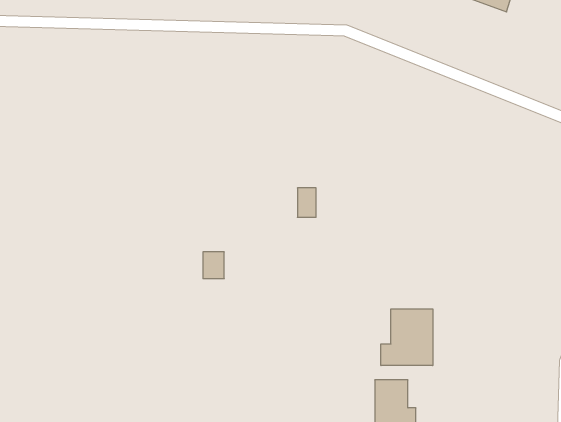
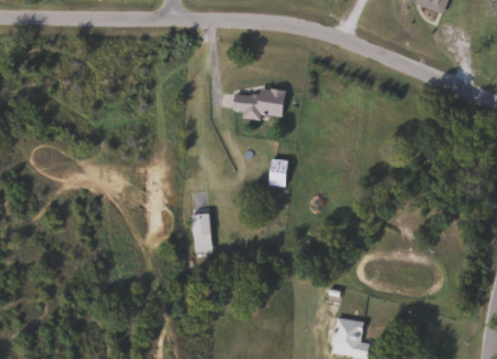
building: none -> [233,87,286,118]
building: [381,309,433,366] -> none

